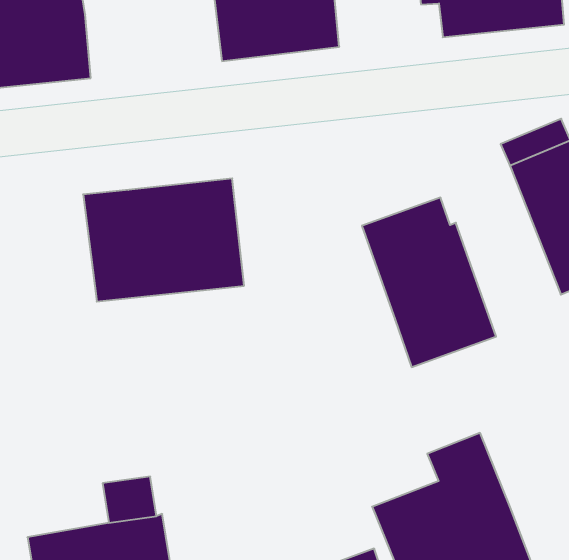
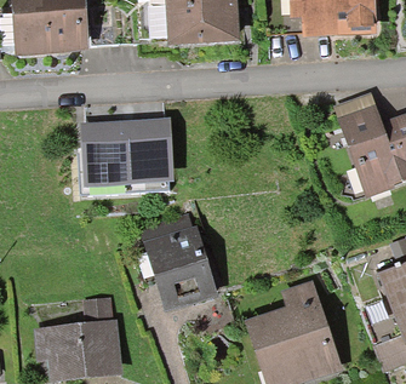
building: [362,198,496,367] -> [139,211,217,313]

